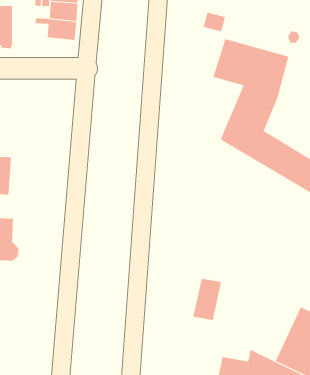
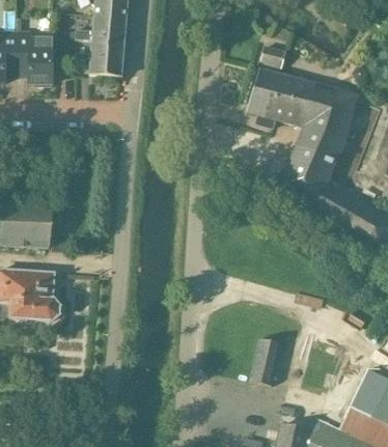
building: none -> [247,67,284,128]

